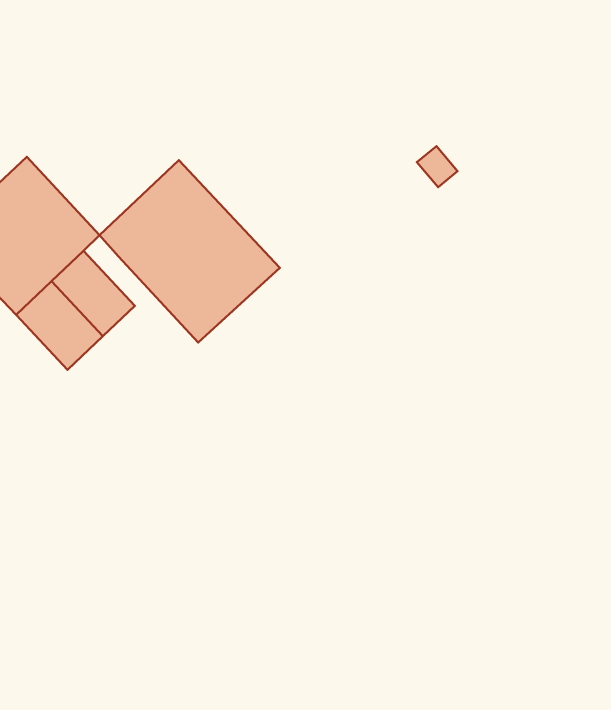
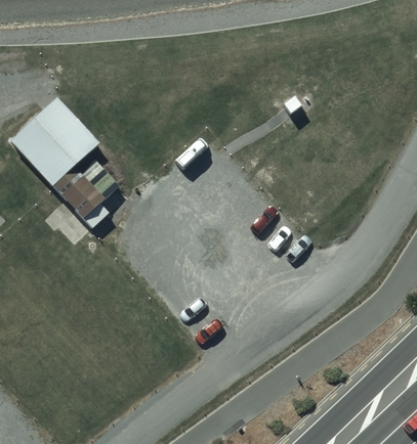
building: [99,160,280,342] -> none

